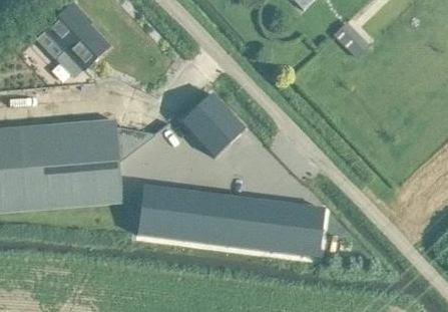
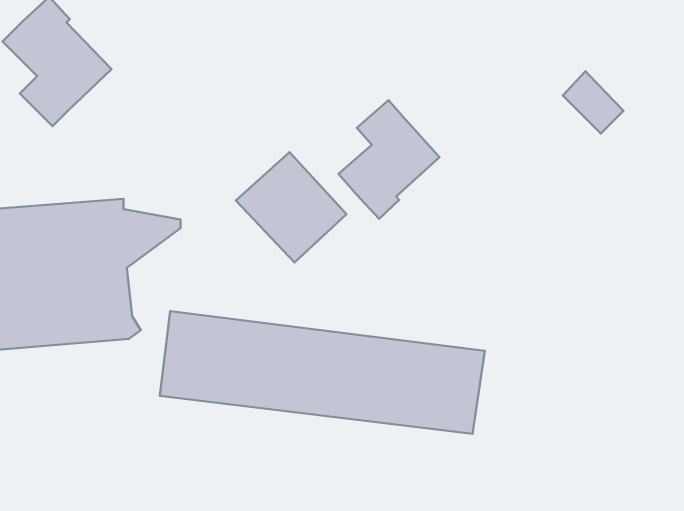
building: [335,21,370,57] -> [563,71,623,133]
building: none -> [338,100,440,219]

